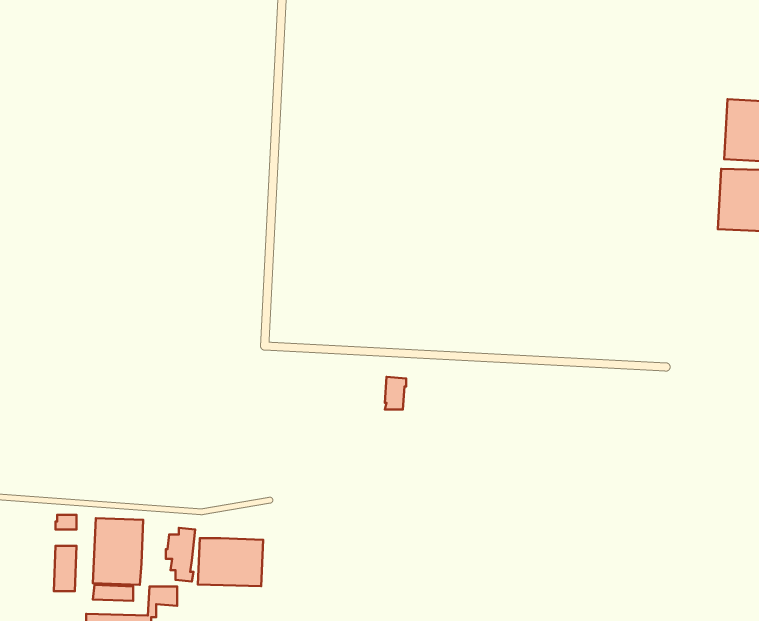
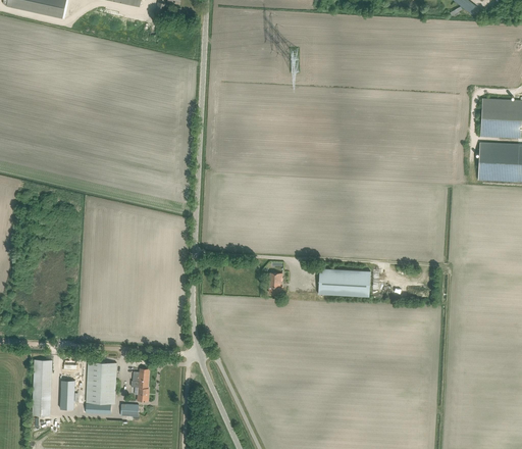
building: none -> [317,267,370,297]
building: none -> [31,358,52,415]
building: [198,538,263,586] -> none

